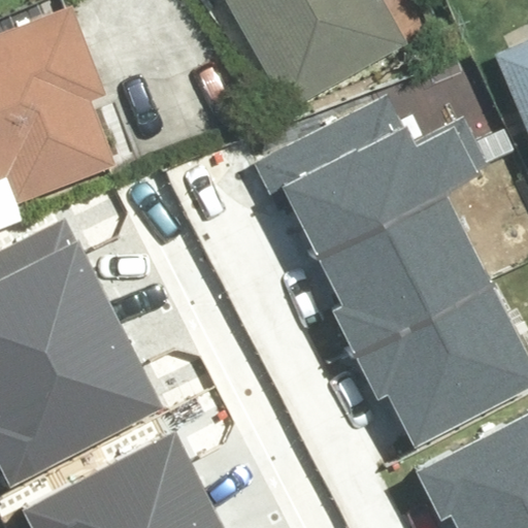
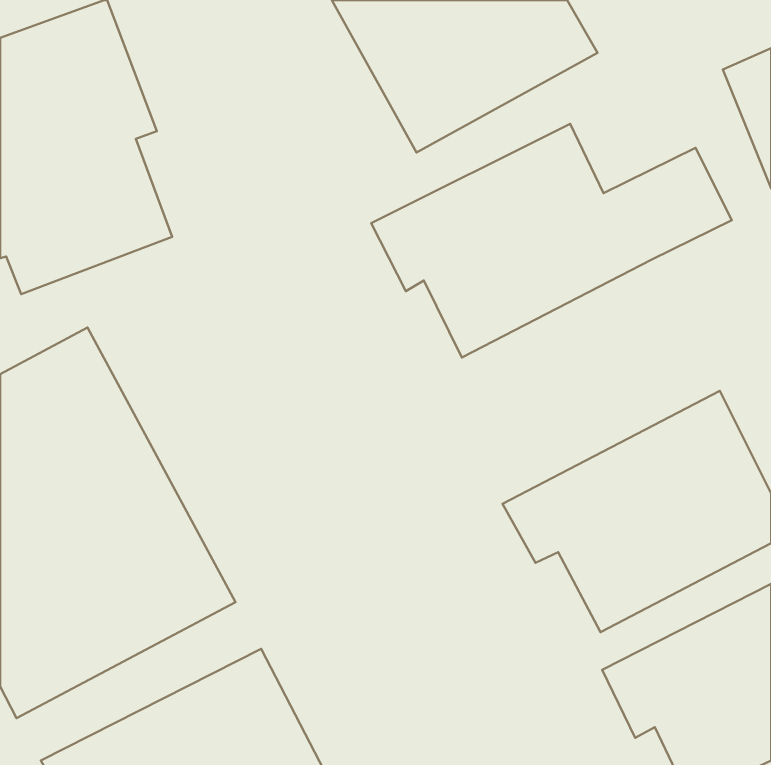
building: [316,182,492,349] -> none

